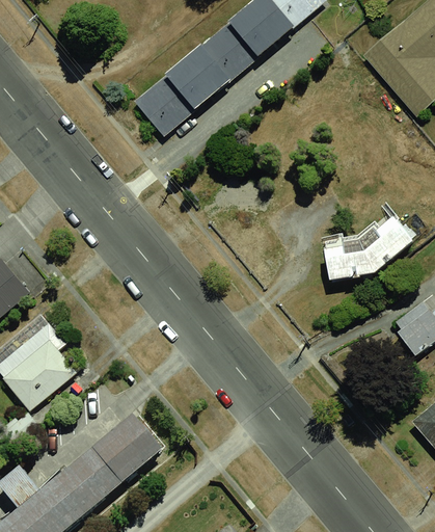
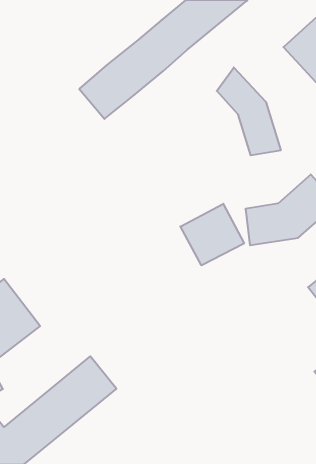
building: none -> [217,67,281,155]
building: none -> [180,204,244,265]

